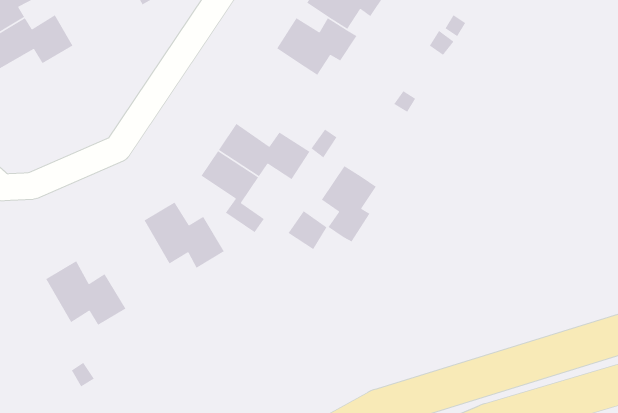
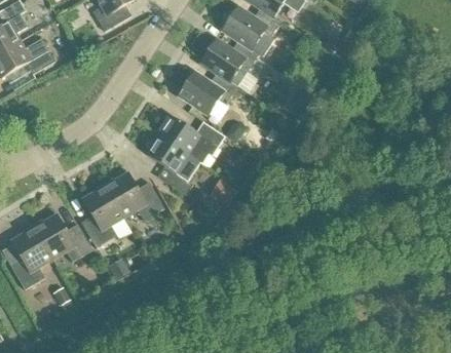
building: none -> [179,72,237,114]
building: [321,165,377,243] -> none
building: none -> [80,185,123,246]
building: none -> [9,227,52,288]

